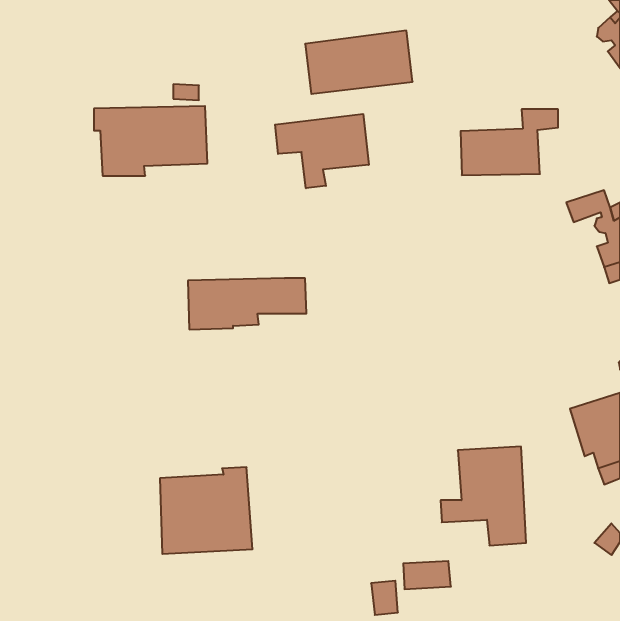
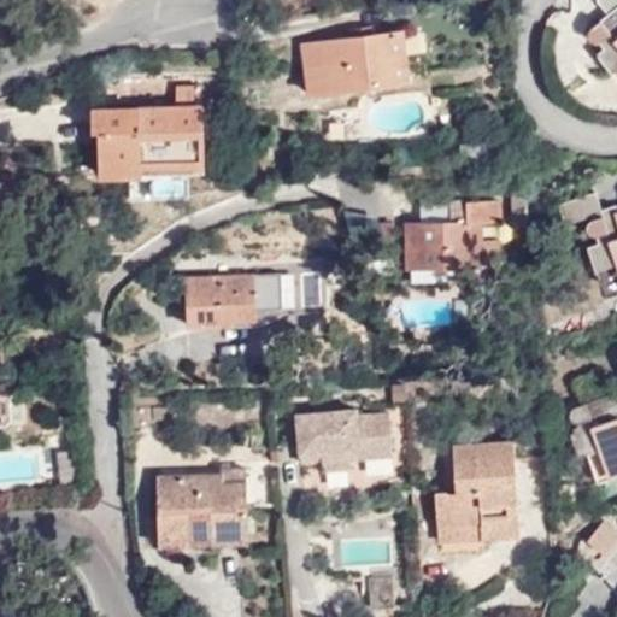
building: [461,109,558,175] -> [405,201,501,266]
building: [275,114,369,188] -> none
building: none -> [294,409,392,470]
building: [403,561,451,589] -> [436,516,483,543]

